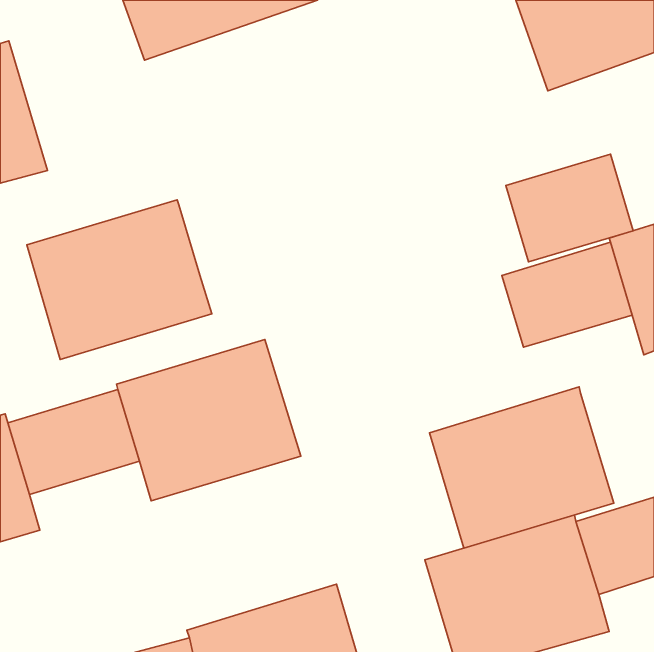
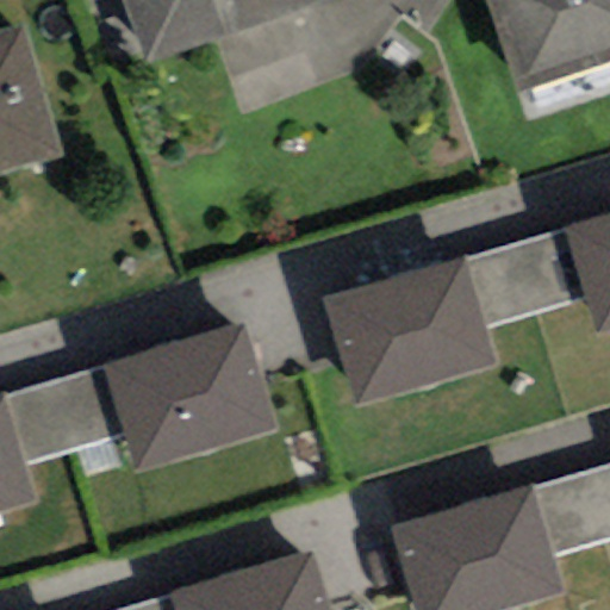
building: [506,154,633,262] -> none
building: [27,200,212,360] -> none
building: [429,387,614,548] -> [326,253,498,403]

